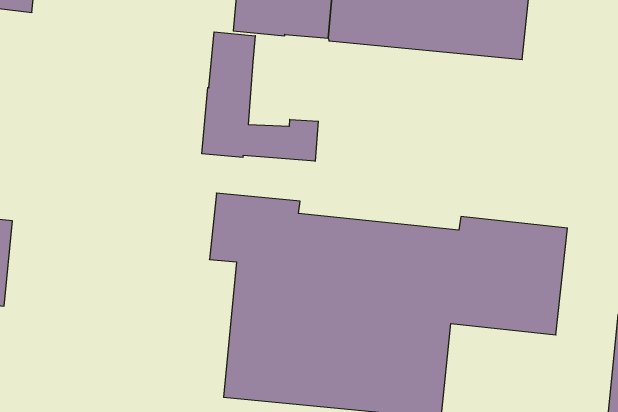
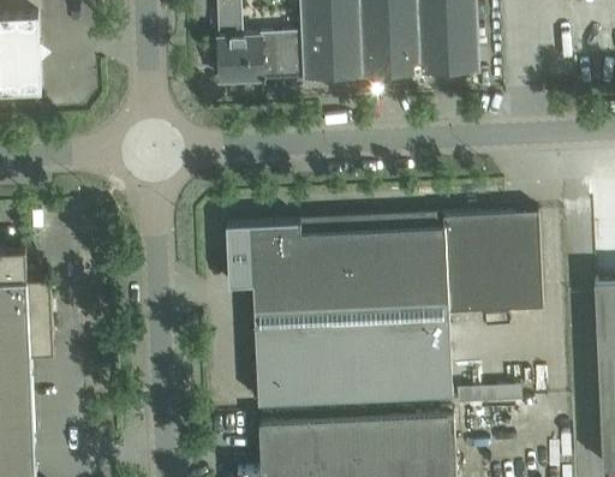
building: [202,32,318,161] -> none

